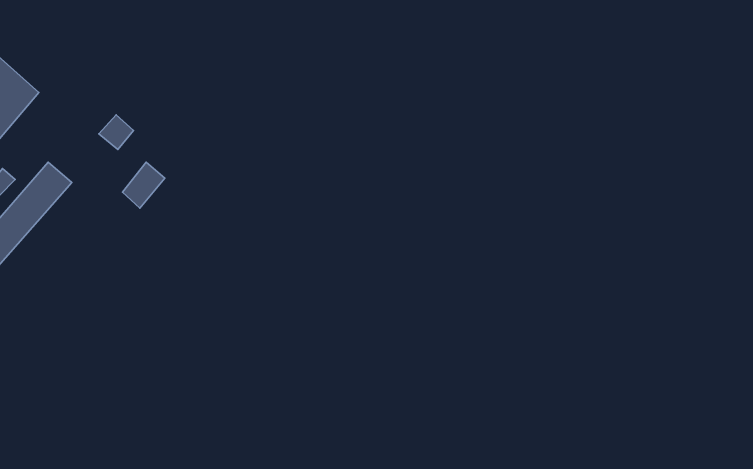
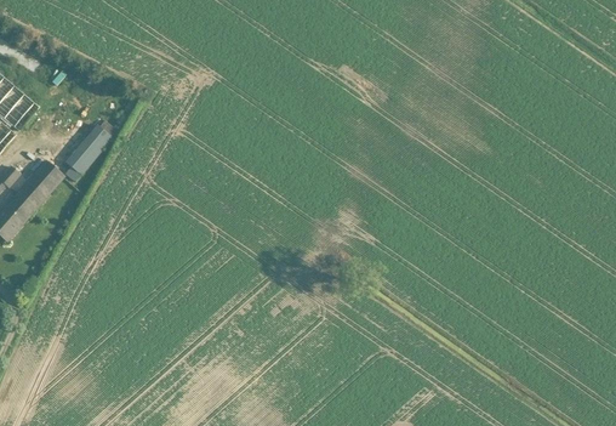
building: [122,162,165,208] -> [65,140,98,175]

